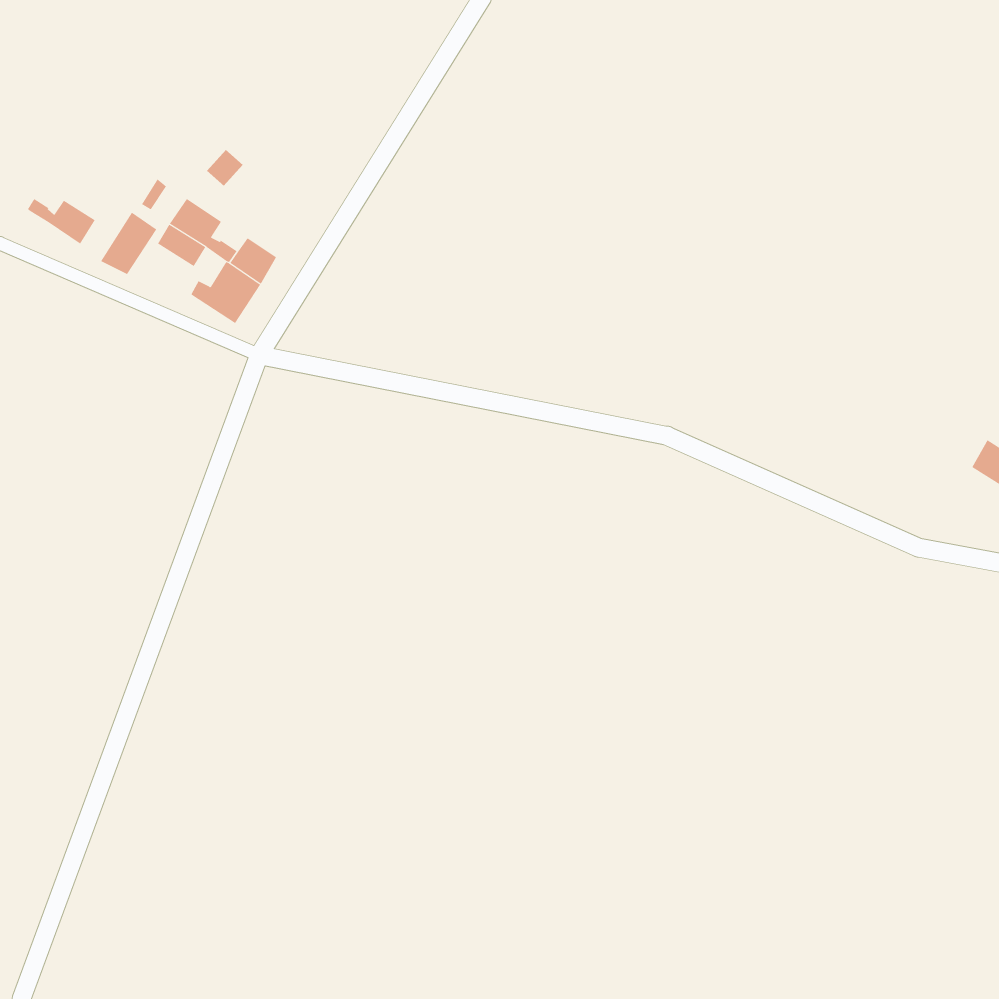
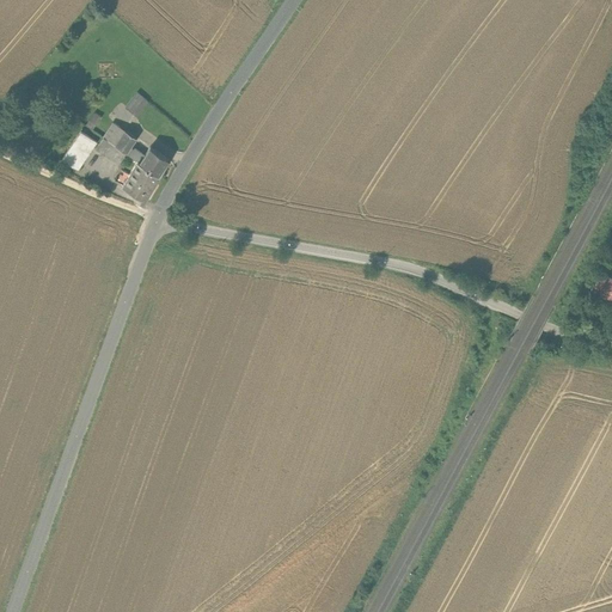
building: [27,198,95,245] -> none

